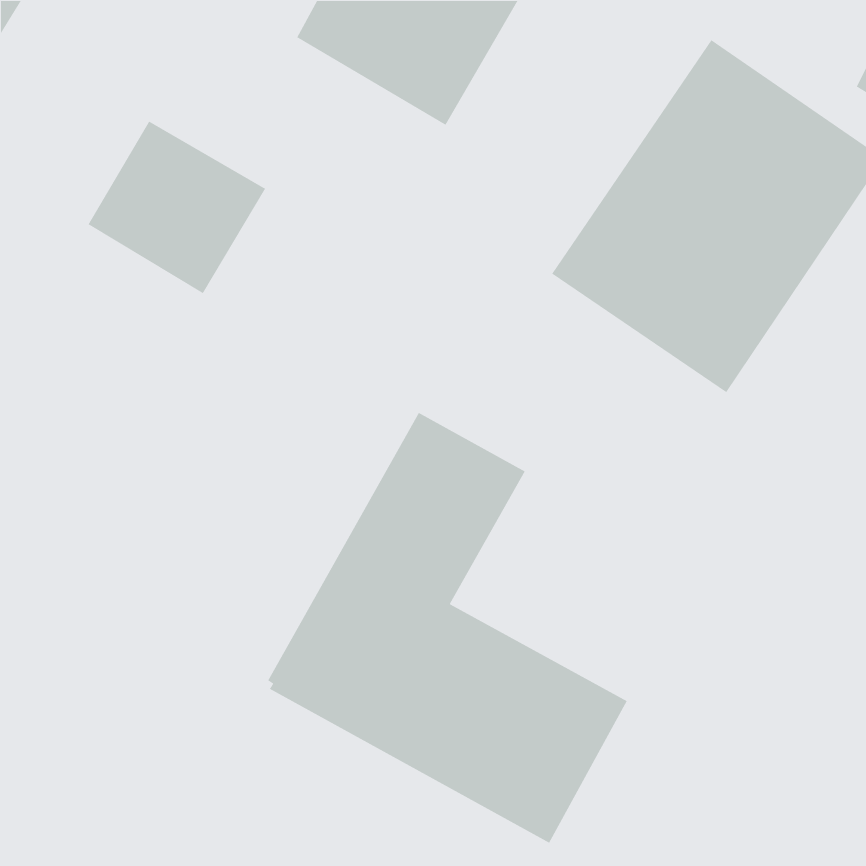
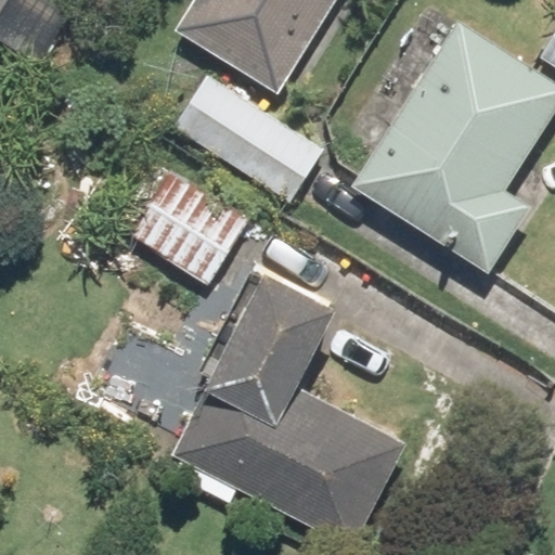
building: none -> [172,75,323,205]
building: [88,121,266,294] -> [133,173,247,284]

